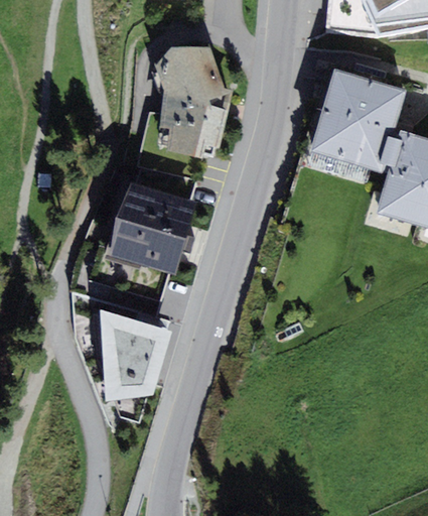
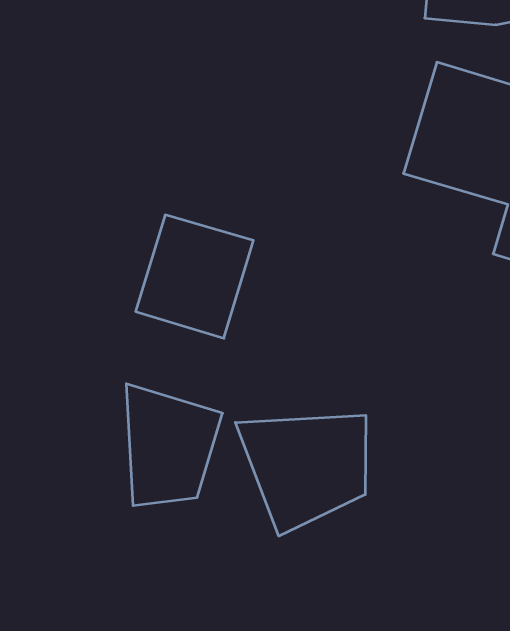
building: [155,46,233,158] -> none
building: none -> [235,415,366,536]

